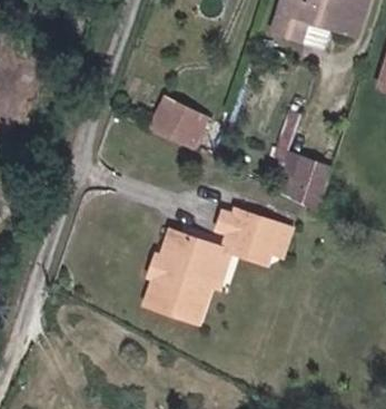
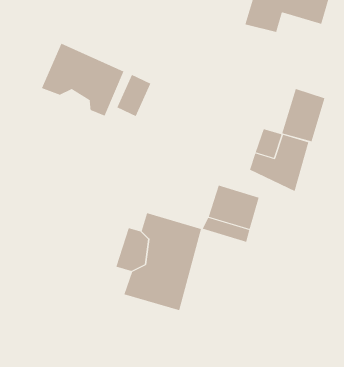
building: none -> [41,43,124,116]
building: [166,101,207,146] -> none
building: none -> [282,88,325,142]

